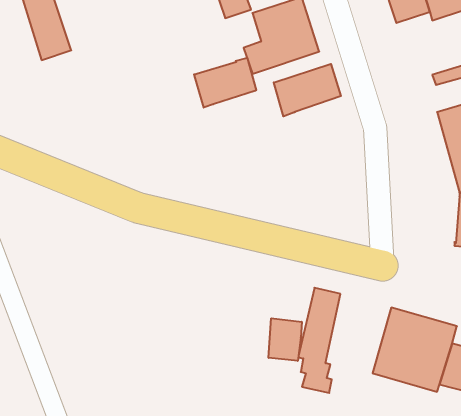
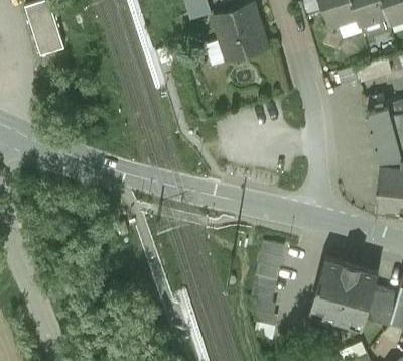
building: [194,58,256,108] -> none
building: [274,64,341,116] -> none
building: [269,318,302,361] -> none

